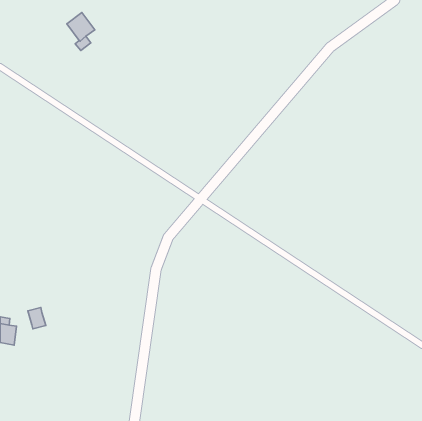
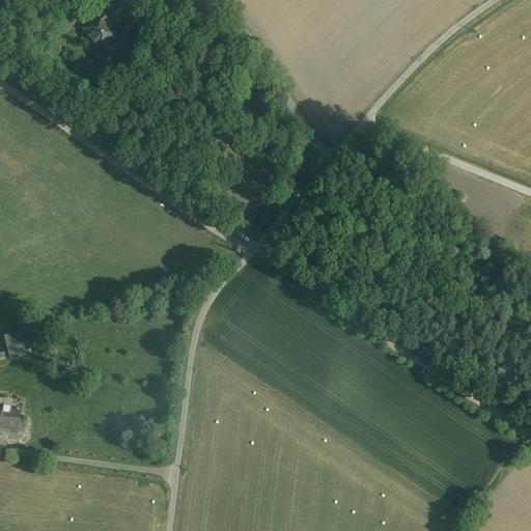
building: [28,307,46,329] -> [4,334,27,361]

